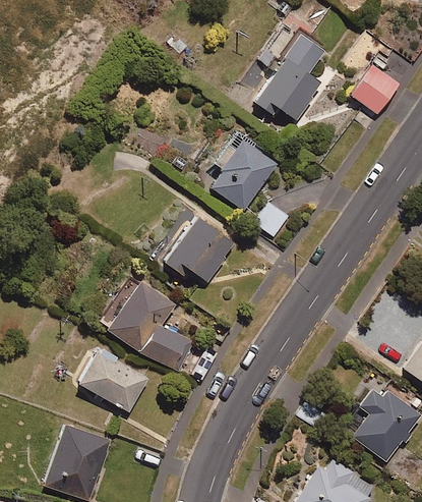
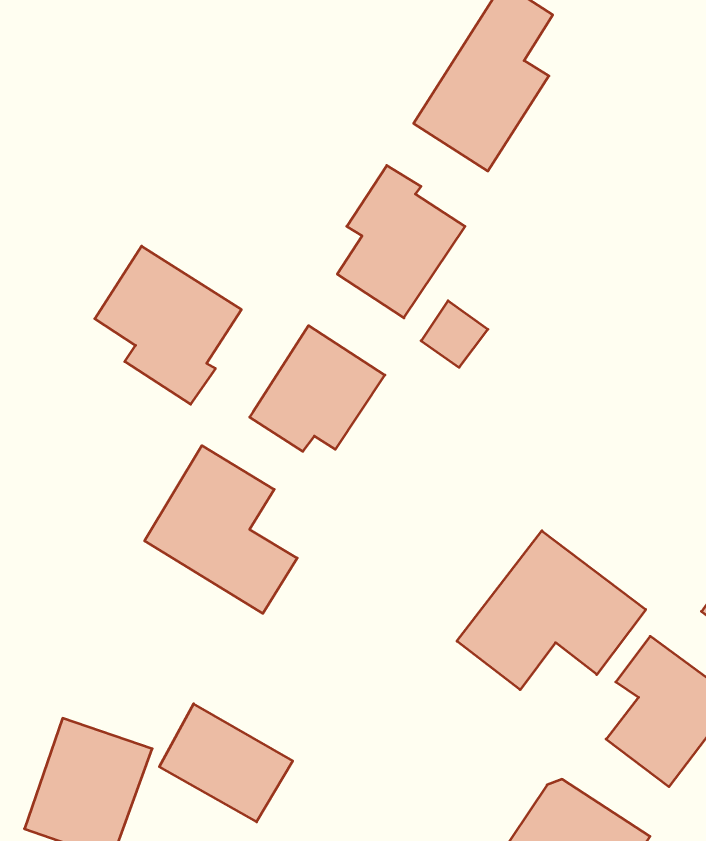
building: [349,62,400,113] -> none
building: none -> [95,246,241,404]
building: none -> [457,531,646,690]
building: [77,348,148,411] -> [159,704,293,822]

